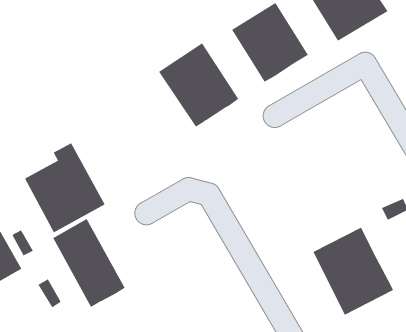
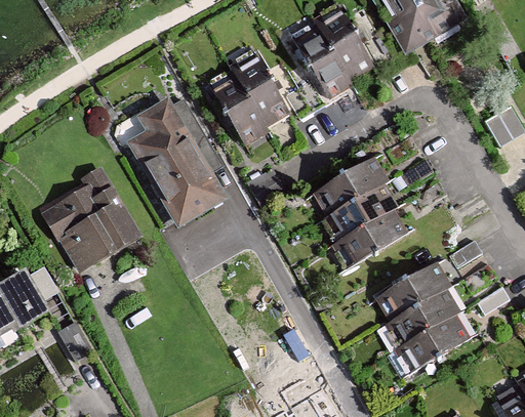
building: none -> [118,100,226,226]
building: none -> [313,156,413,262]
building: [52,218,125,308] -> none

